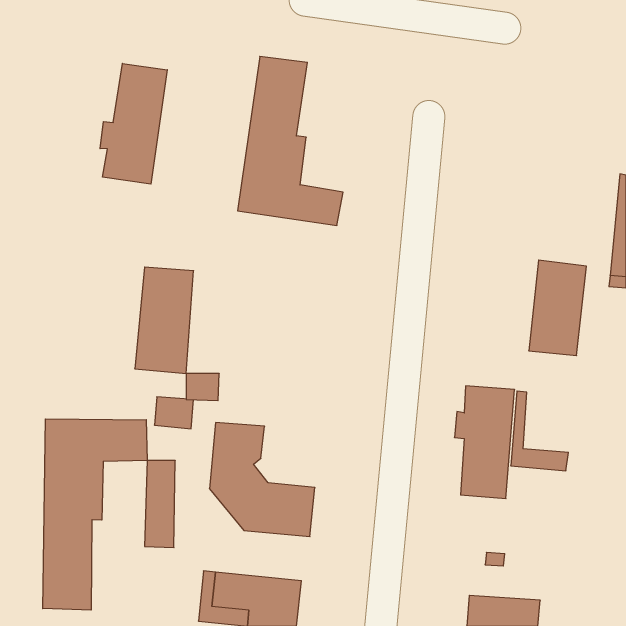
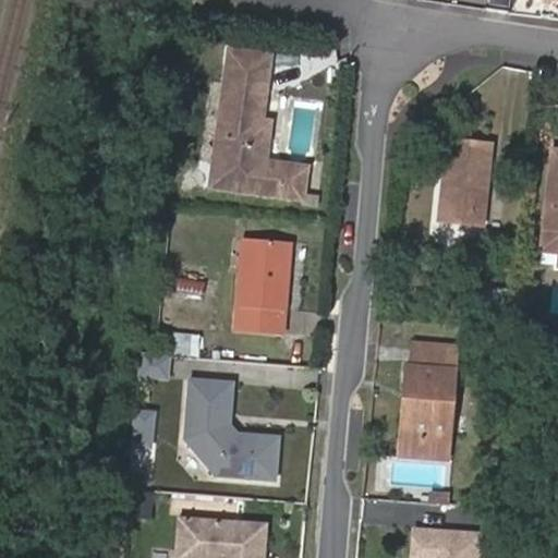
building: [100,63,167,184] -> none
building: [529,260,586,356] -> [439,140,490,225]
building: [135,267,194,374] -> [235,240,288,335]
building: [511,391,568,471] -> [399,389,450,460]
building: [43,419,147,610] -> none

